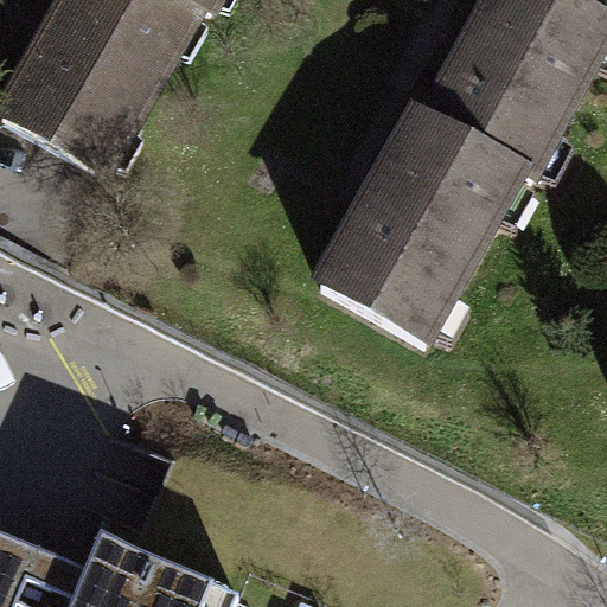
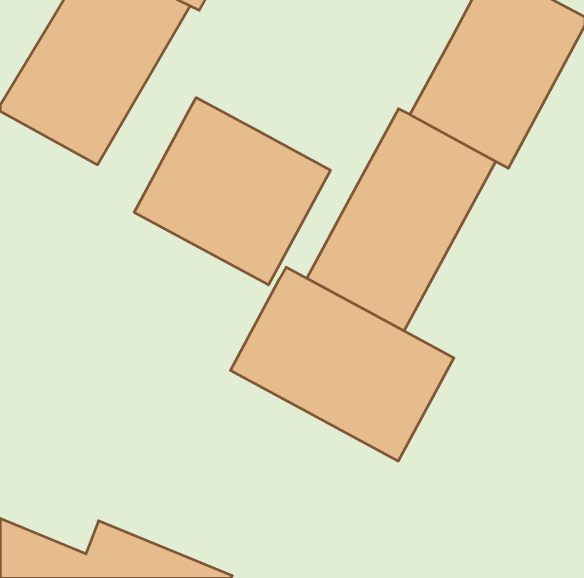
building: none -> [134,98,330,285]
building: none -> [230,267,454,461]

